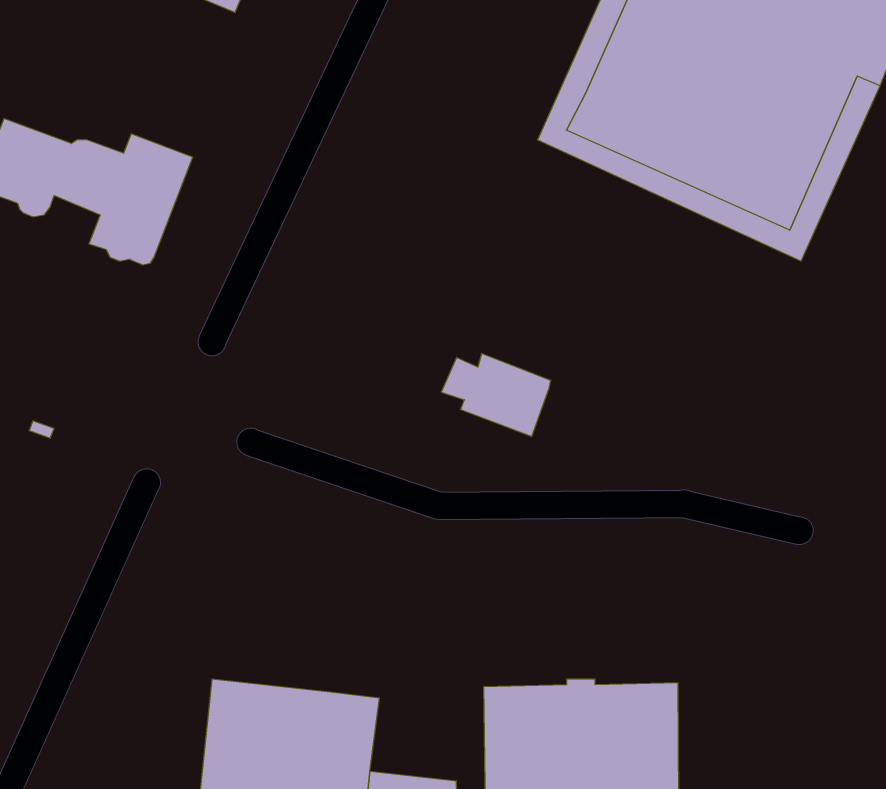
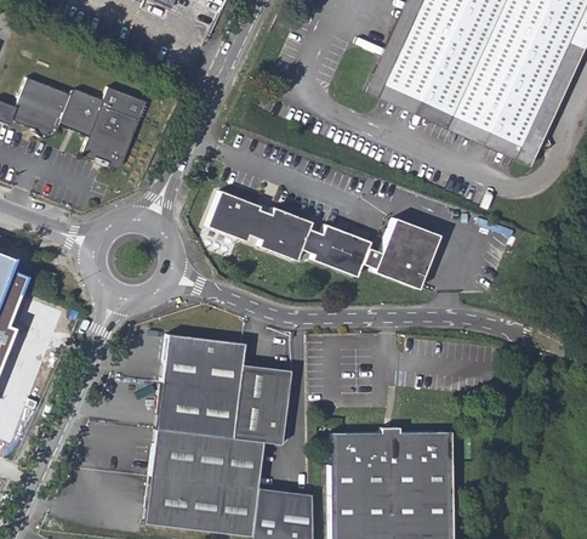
building: none -> [209,189,314,261]
building: none -> [365,216,441,289]
building: none -> [159,334,294,444]

